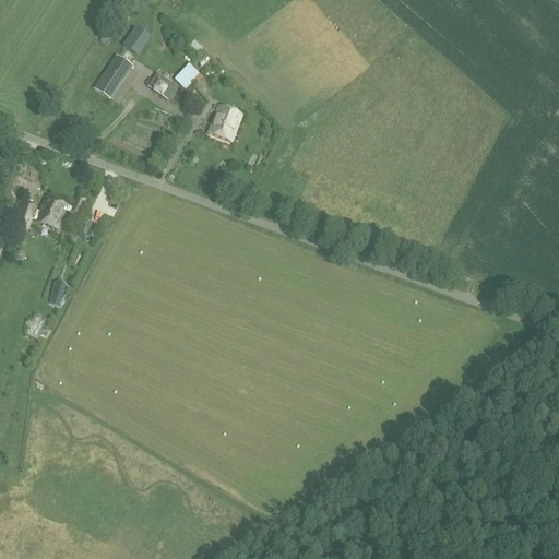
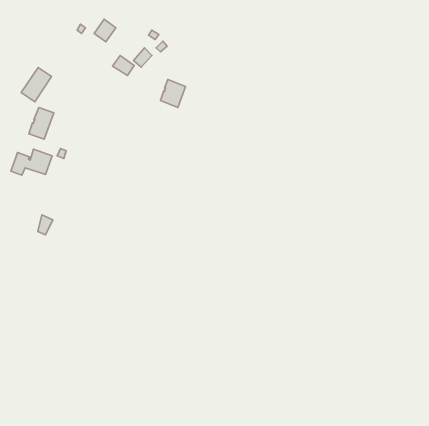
building: [94,53,133,98] -> [21,67,51,102]
building: none -> [29,107,54,139]

